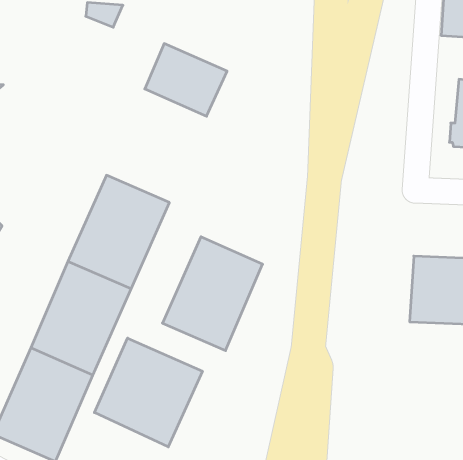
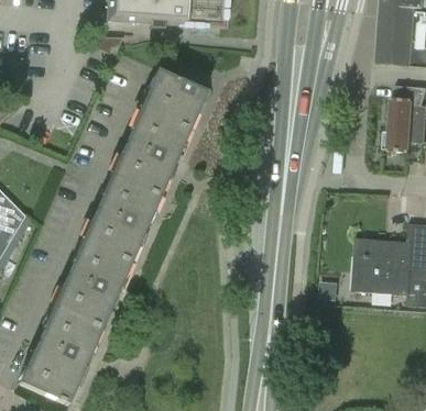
building: [162,237,263,351] -> [109,105,189,197]
building: [94,338,202,447] -> none

